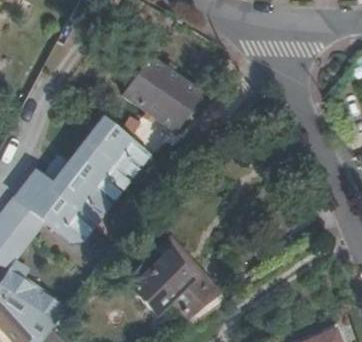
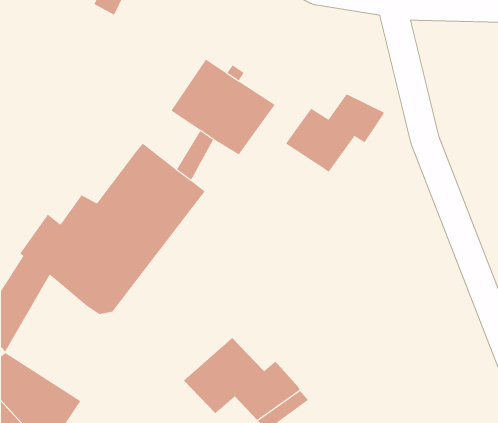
building: none -> [285,93,385,173]
building: [151,233,220,295] -> none

